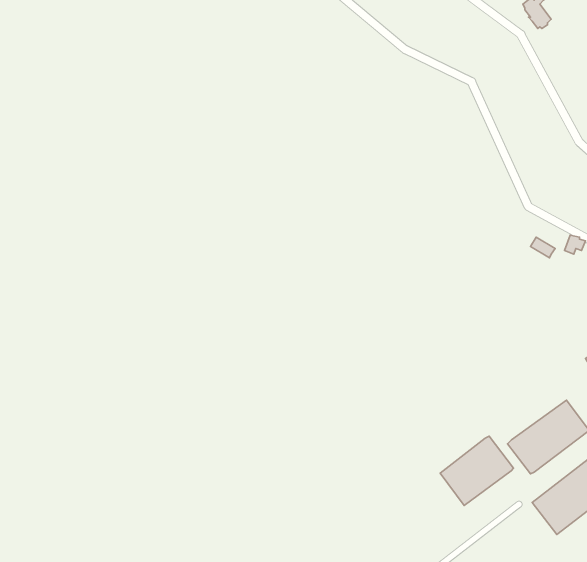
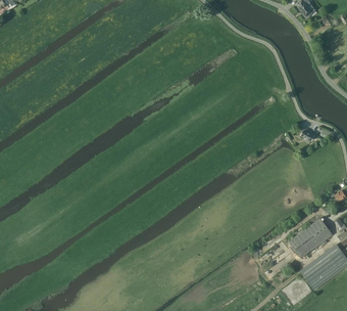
building: [440,436,513,506] -> none

